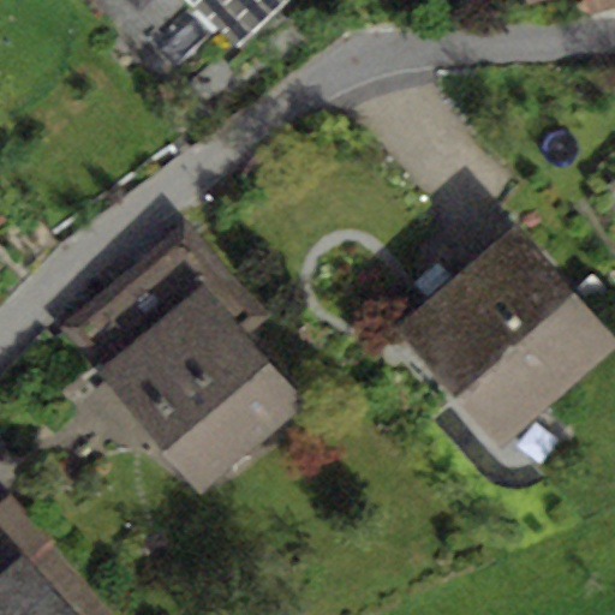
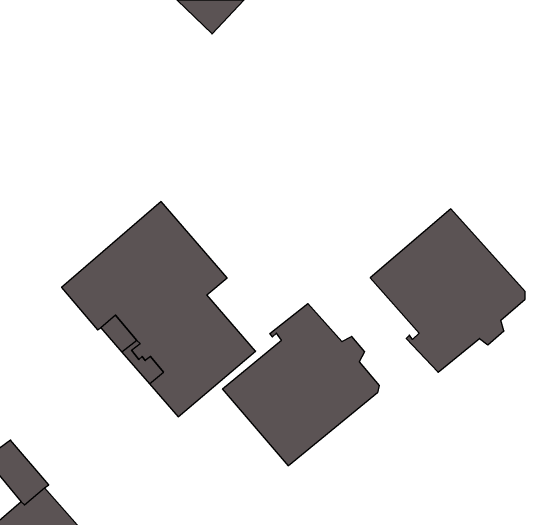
building: none -> [223,304,379,466]

